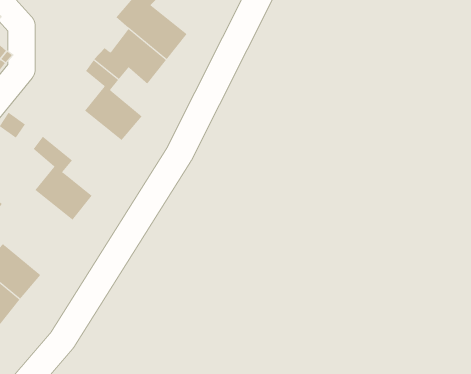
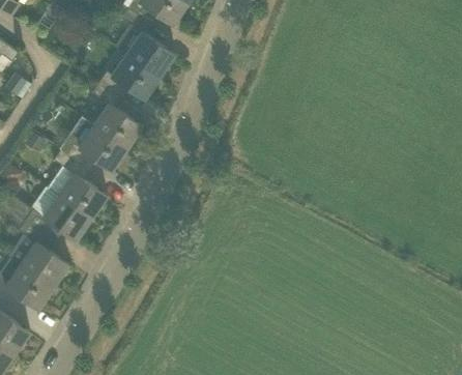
building: none -> [57,125,126,171]
building: none -> [41,195,91,240]

